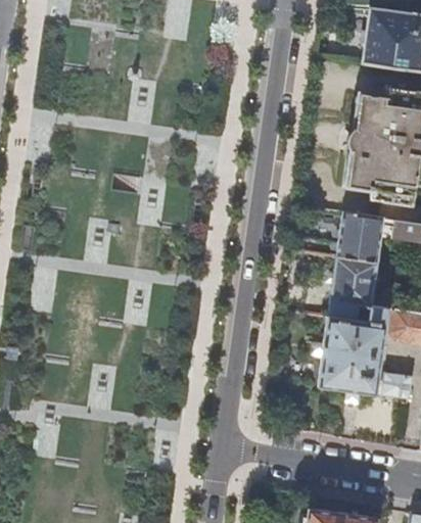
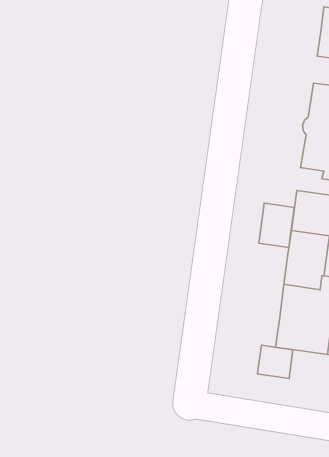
building: none -> [259,203,294,248]
building: none -> [257,345,293,378]

